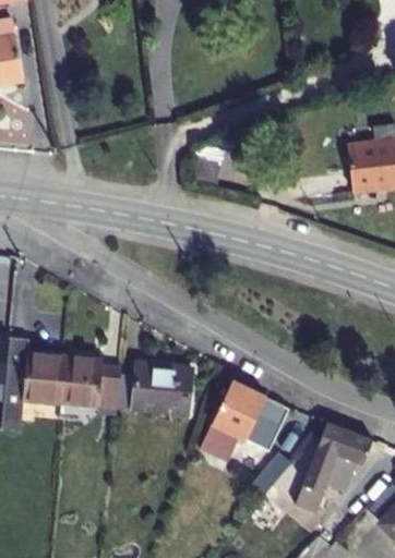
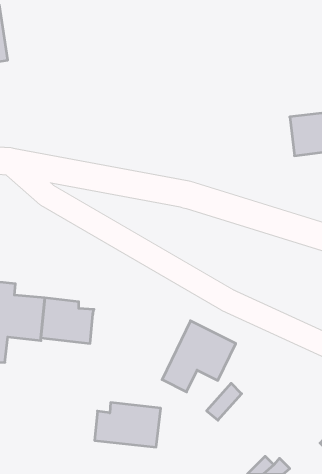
building: [117,363,193,414] -> [95,403,161,447]
building: [298,423,372,509] -> none

